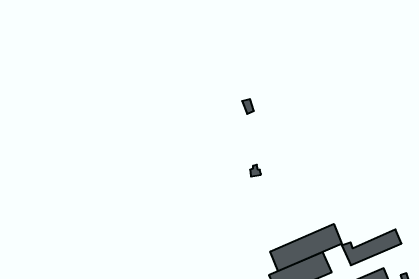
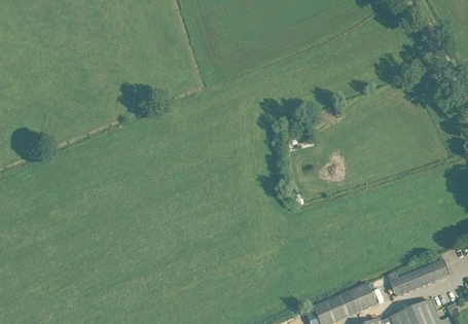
building: [270,224,342,271] -> none

